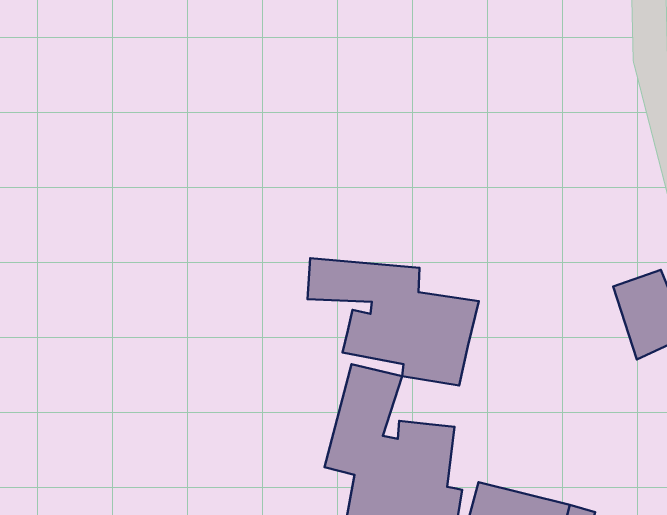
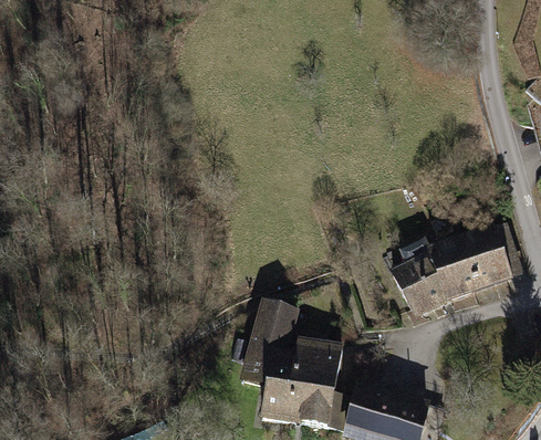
building: [307,258,479,385] -> none
building: none -> [393,233,475,317]

